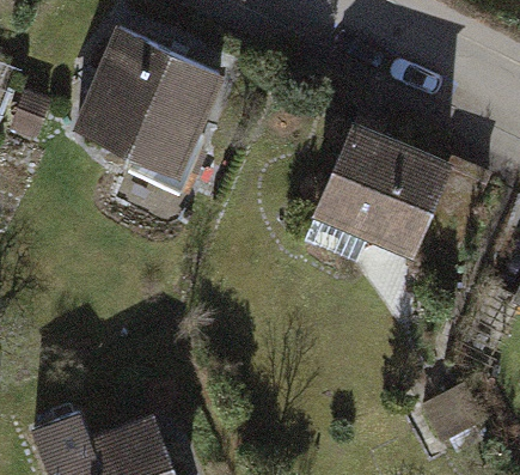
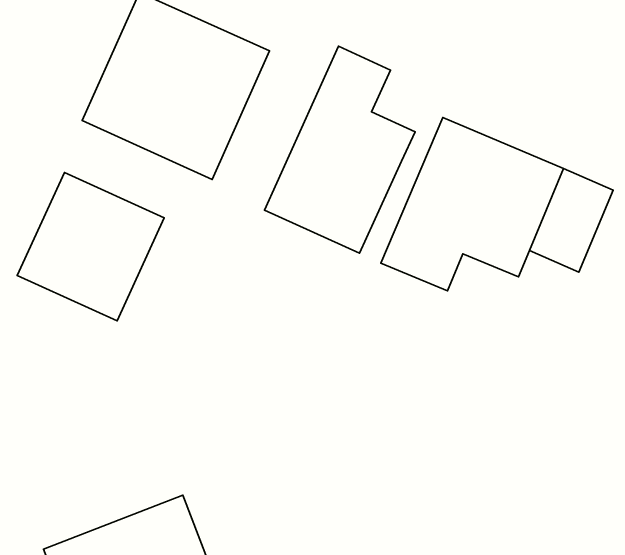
building: none -> [264,46,415,253]
building: none -> [17,173,164,321]

